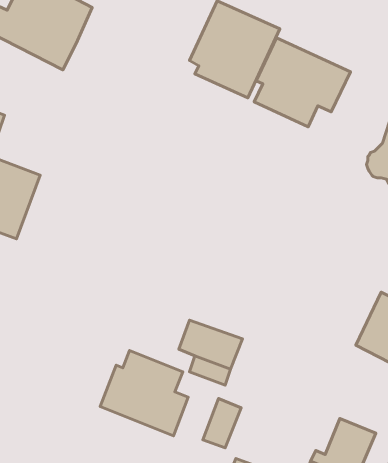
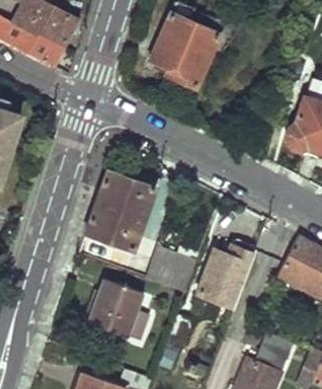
building: [254,38,350,127] -> none
building: none -> [84,169,156,251]
building: none -> [196,240,254,309]

